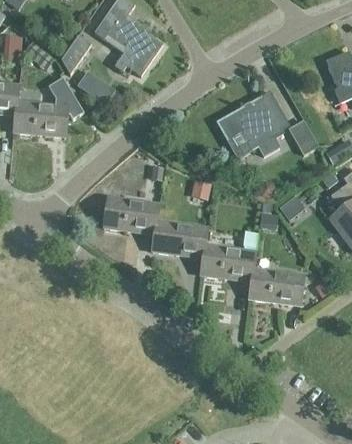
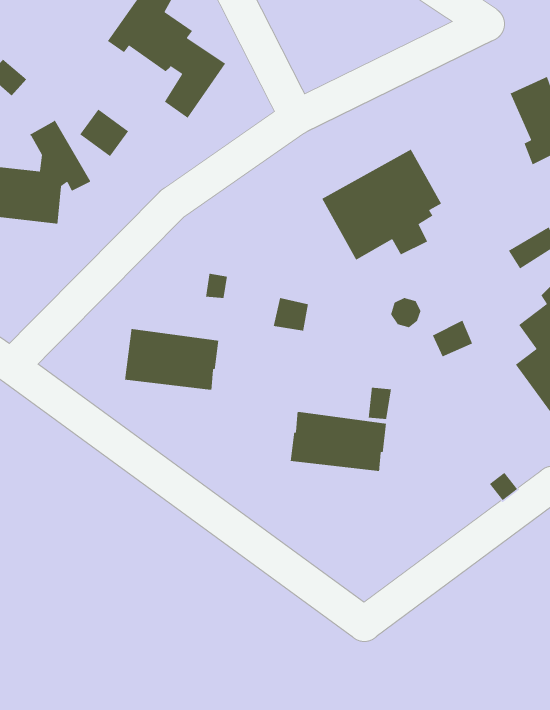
building: [61,34,91,74] -> none
building: [289,119,318,153] -> none
building: [151,221,206,257] -> none
building: [248,269,304,305] -> none

